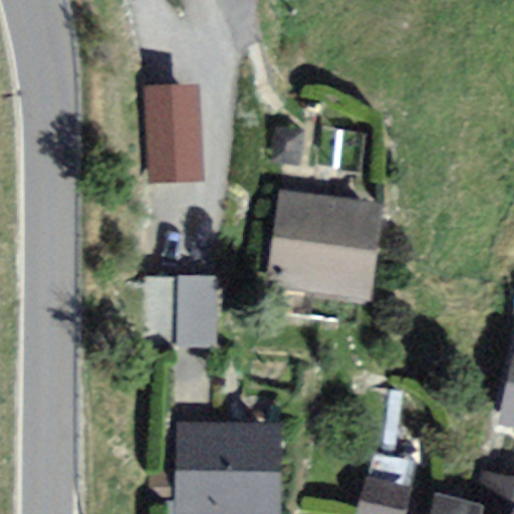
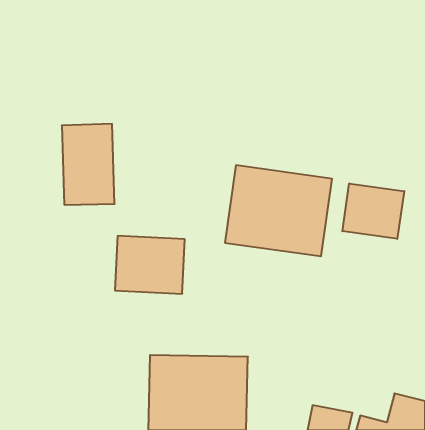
building: [140,88,202,184] -> [62,124,115,205]
building: none -> [342,183,404,239]

